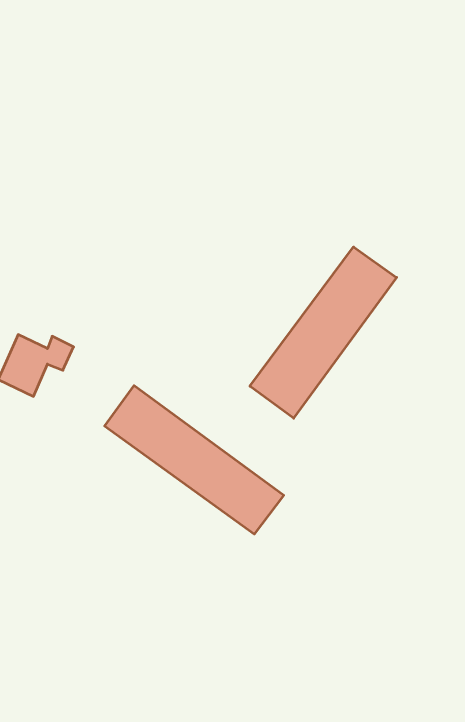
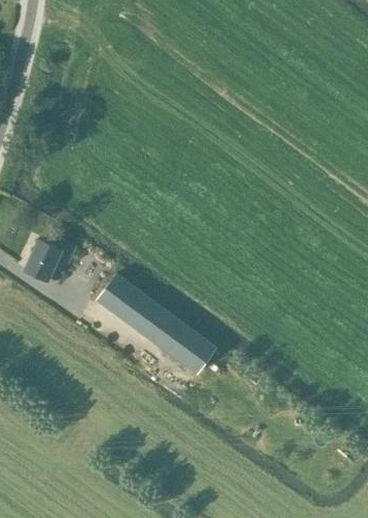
building: [250,247,397,418] -> none

